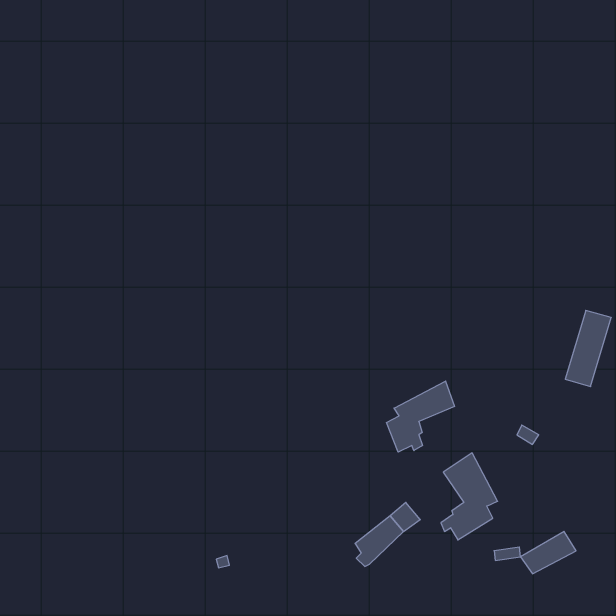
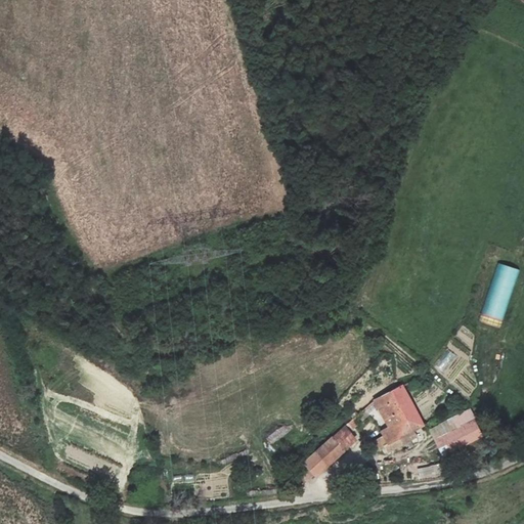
building: [386,381,454,452] -> none
building: [521,531,576,574] -> [437,411,484,447]

